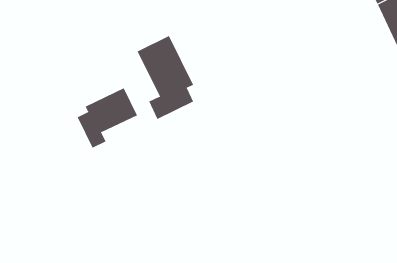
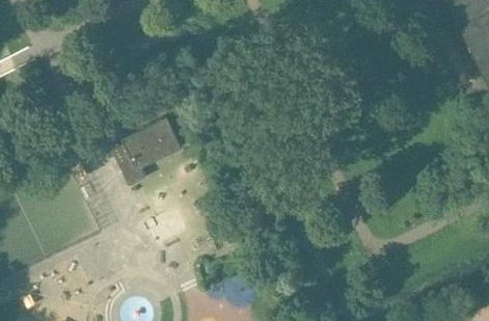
building: [137,35,194,120] -> none

